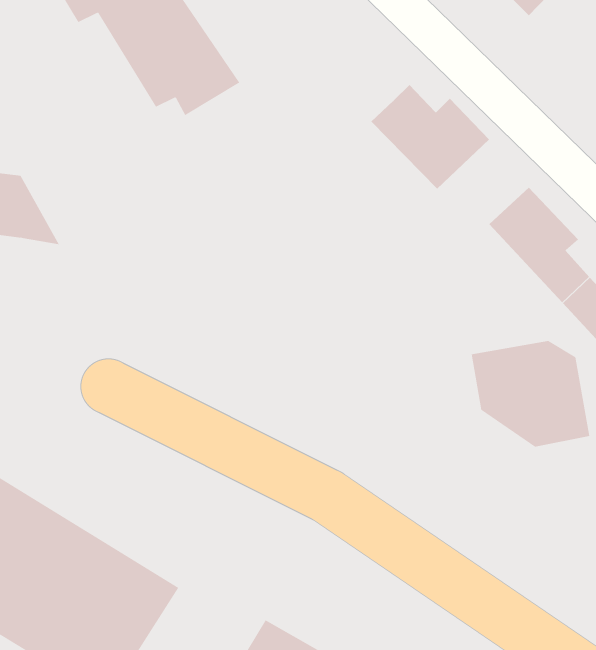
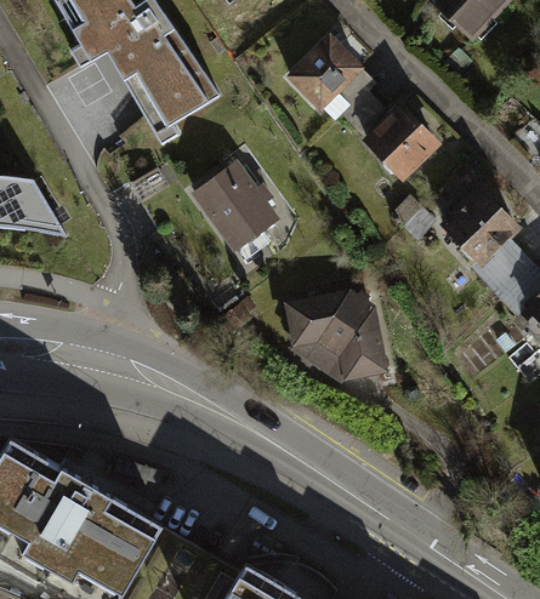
building: none -> [280,35,379,119]
building: none -> [208,176,285,258]
building: [471,340,590,447] -> [289,284,393,377]

